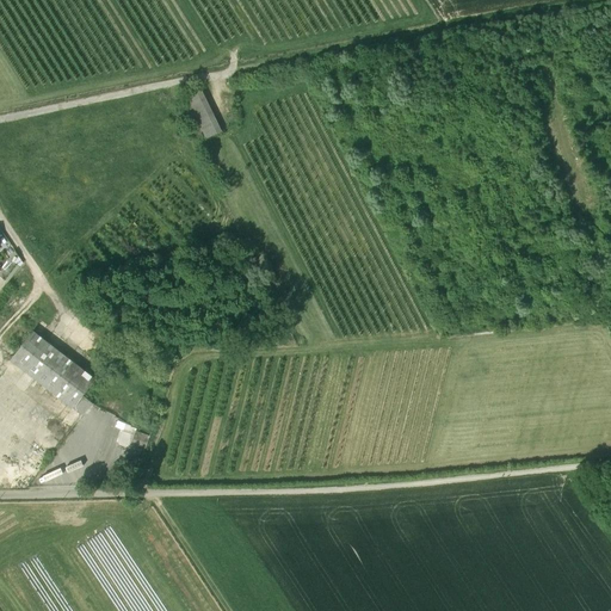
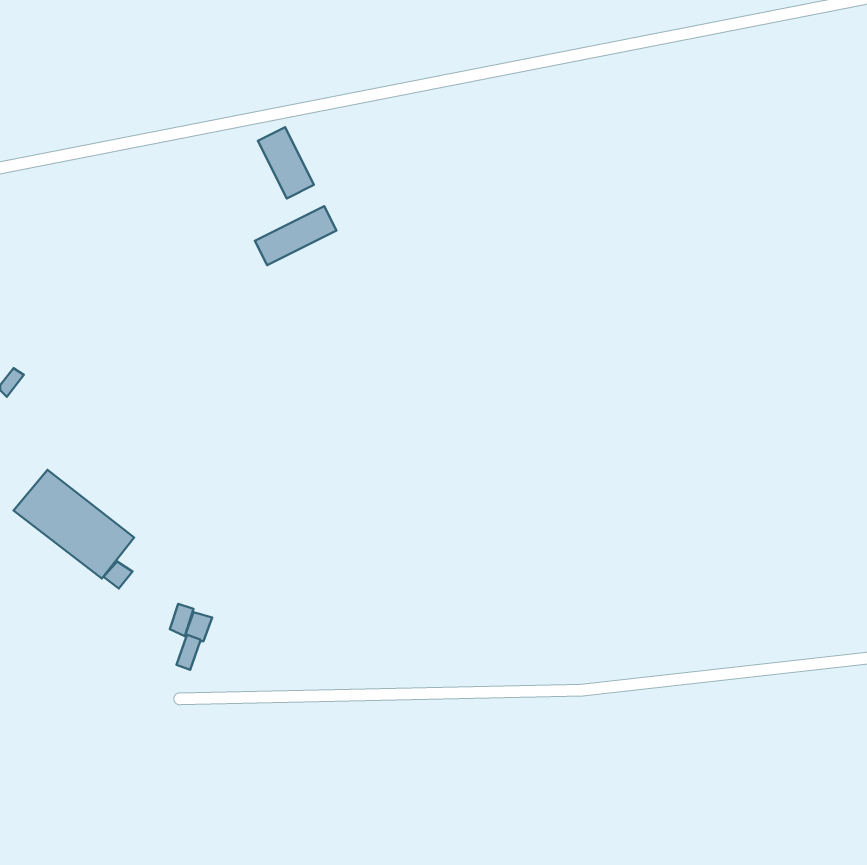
building: none -> [255,206,336,265]

